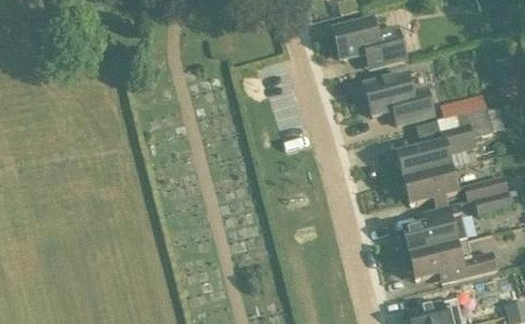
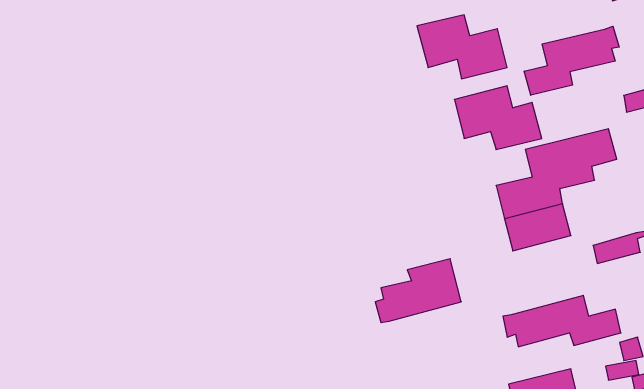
building: none -> [524,26,619,95]
building: [464,175,510,201] -> none
building: [400,205,468,256] -> [375,259,461,323]

